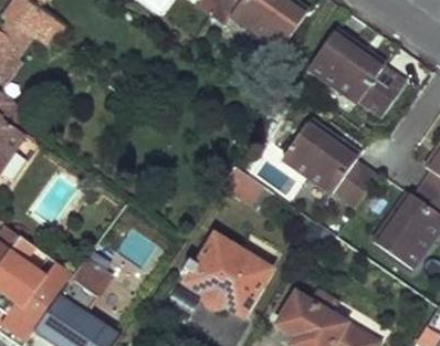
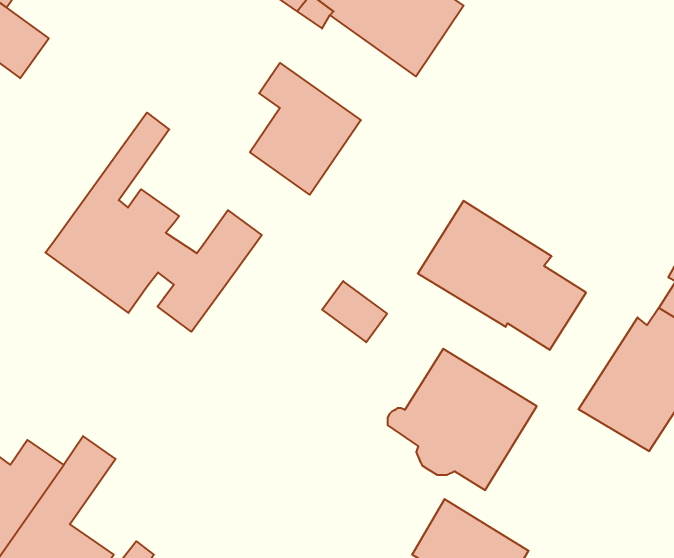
building: [308,29,404,116] -> none
building: none -> [250,63,361,195]
building: none -> [45,113,262,332]
building: [185,238,271,319] -> [388,349,537,490]

